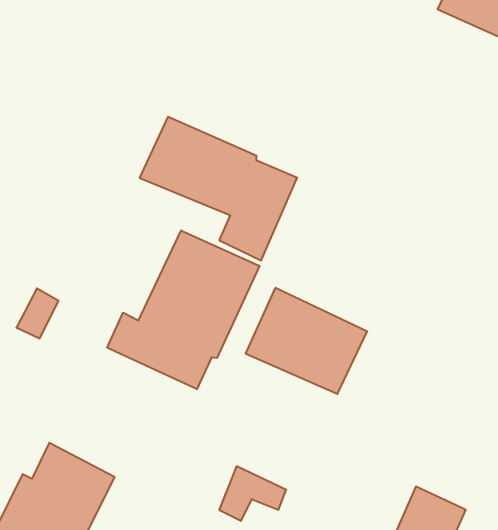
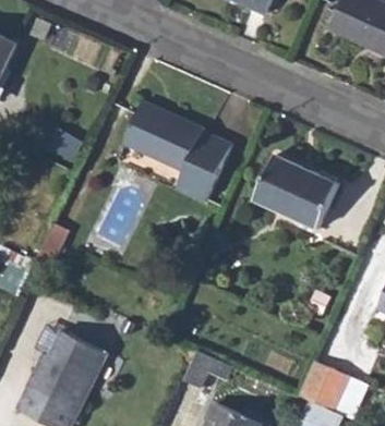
building: [107,230,259,389] -> none
building: [246,288,367,394] -> [257,156,342,230]

